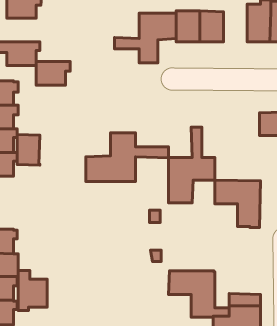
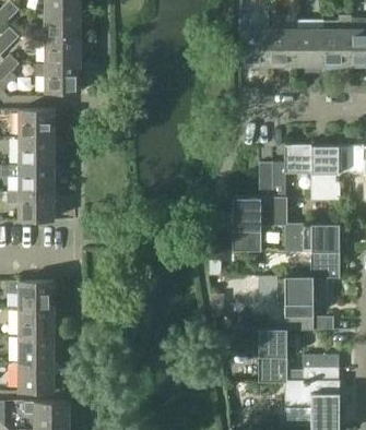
building: none -> [296,29,323,64]
building: [115,13,176,63] -> none
building: [36,62,70,85] -> [46,37,85,64]
building: none -> [271,145,339,199]
building: [86,133,169,182] -> none
building: [17,135,40,165] -> none
building: none -> [259,276,333,331]
building: [18,271,47,310] -> none

